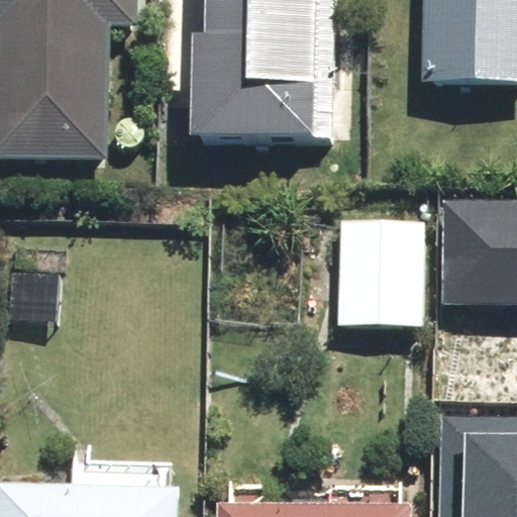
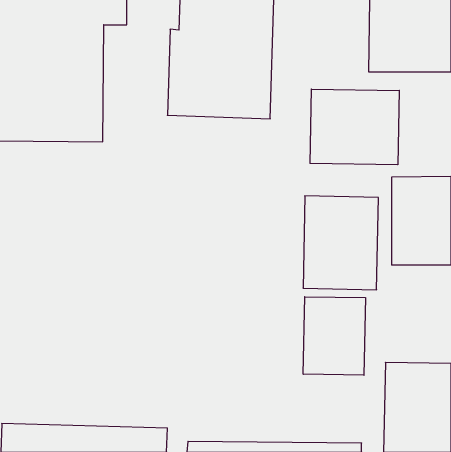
building: none -> [310,89,399,165]
building: none -> [303,297,365,375]

